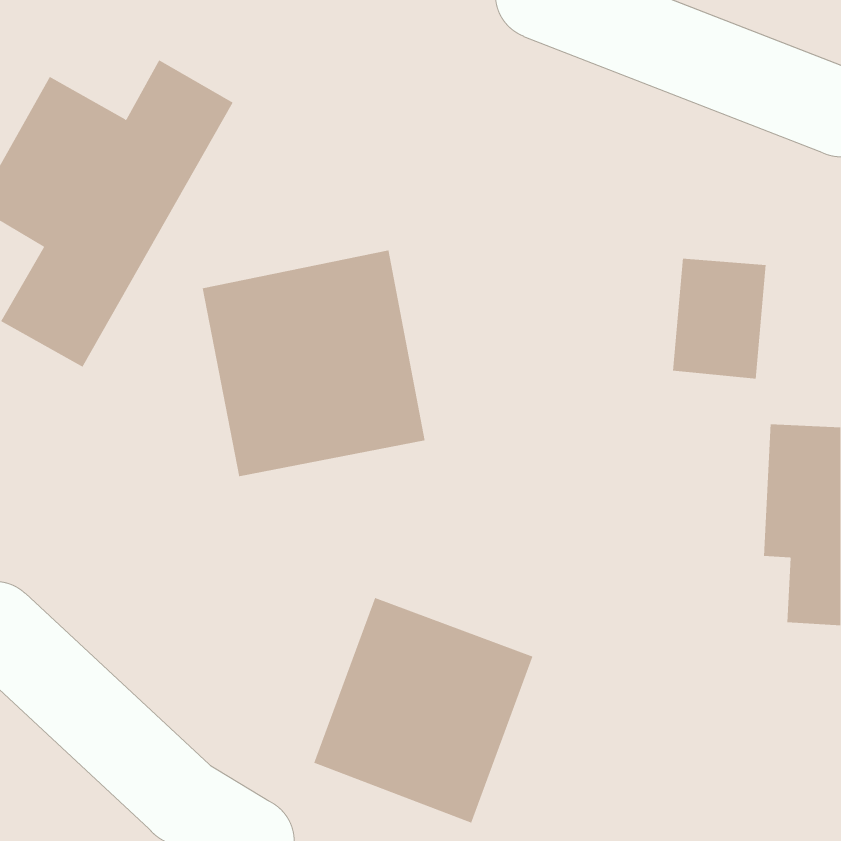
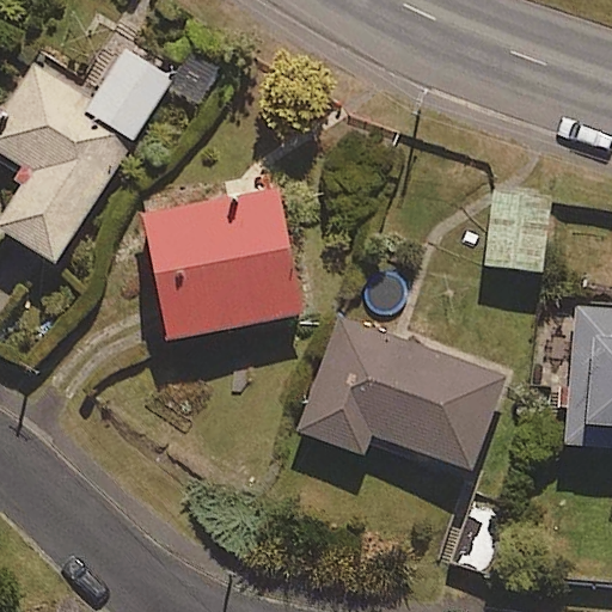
building: none -> [294,314,509,475]
building: [313,597,533,823] -> none

